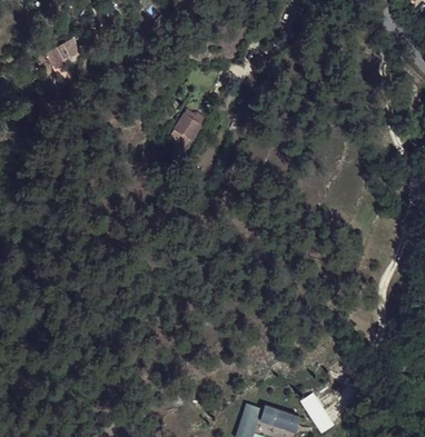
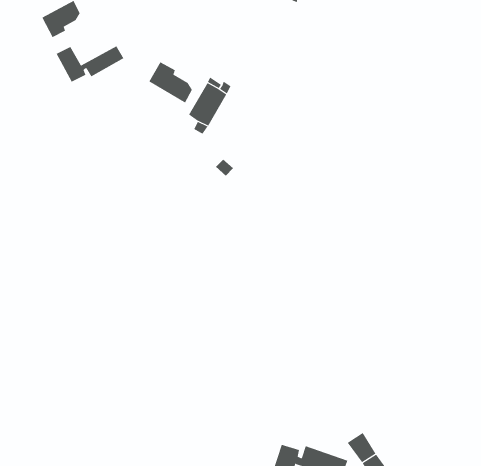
building: none -> [56,45,124,83]
building: none -> [149,62,193,103]

